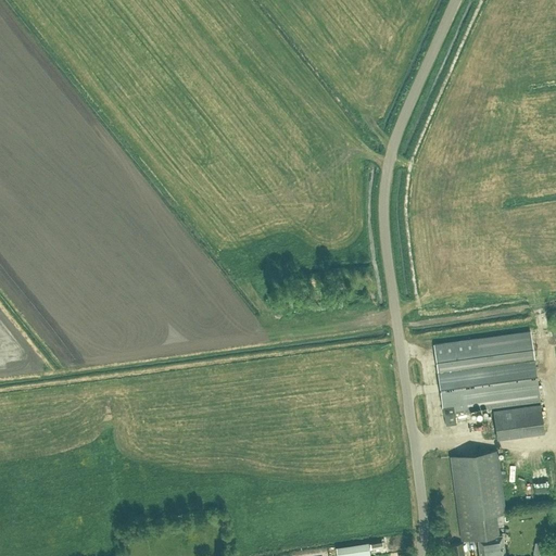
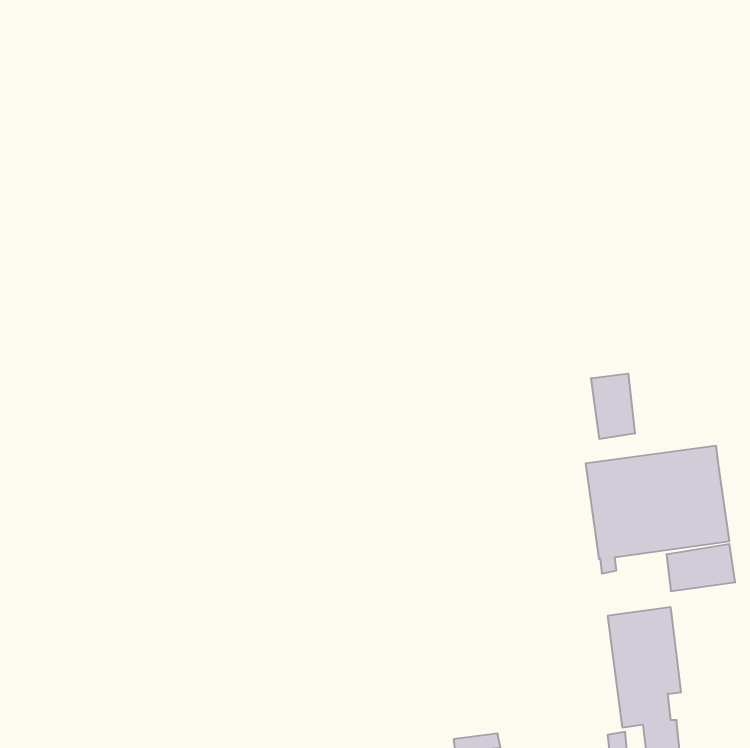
building: none -> [591,374,635,439]

